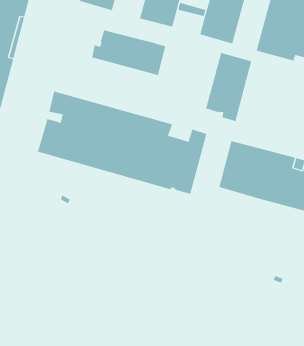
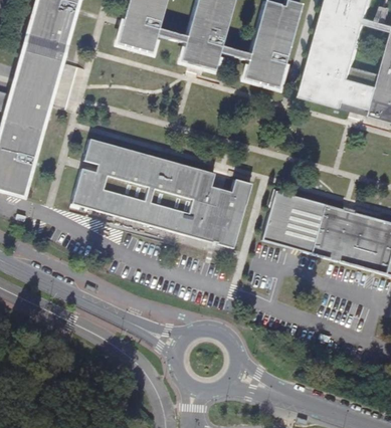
building: [92,29,166,76] -> none
building: [205,52,252,122] -> none

